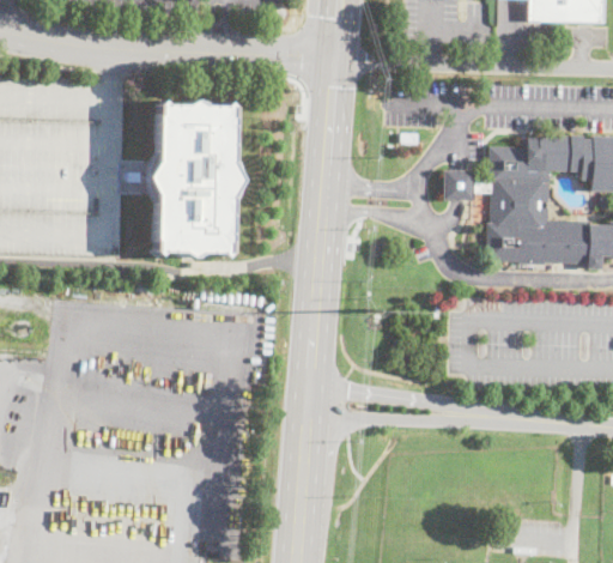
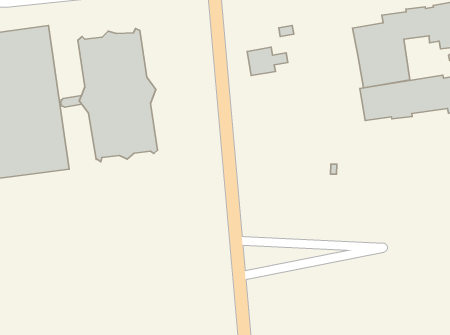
building: [443,170,490,200] -> [247,47,288,76]

